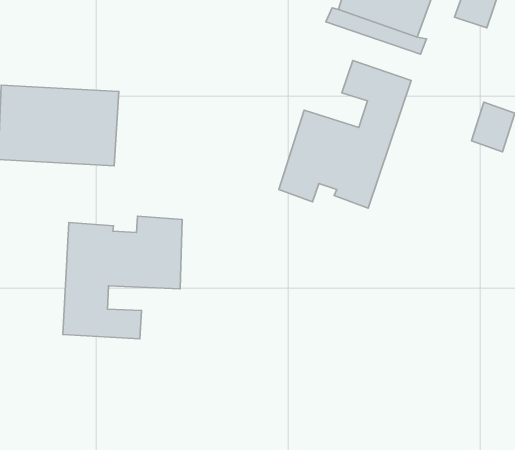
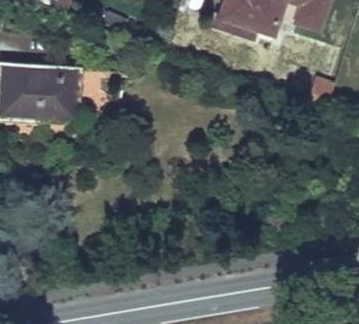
building: [279,60,411,208] -> none
building: [63,216,182,339] -> none

